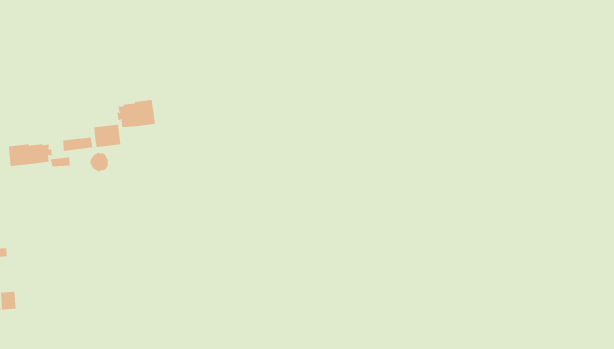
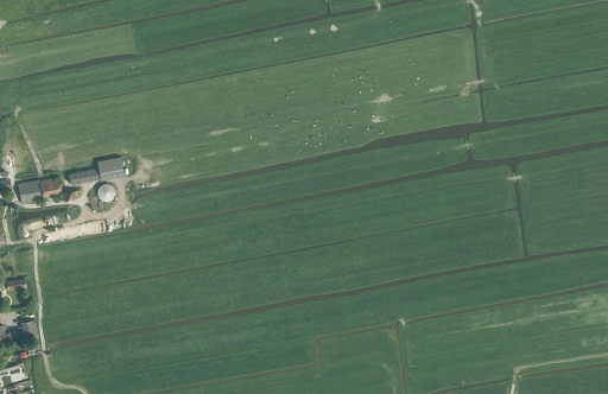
building: [117,99,155,128] -> none

